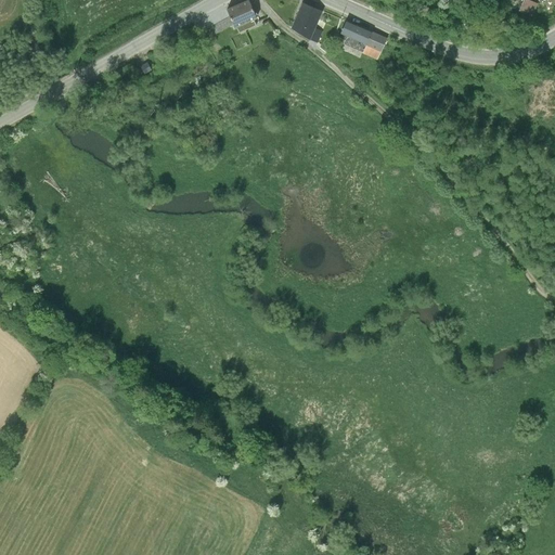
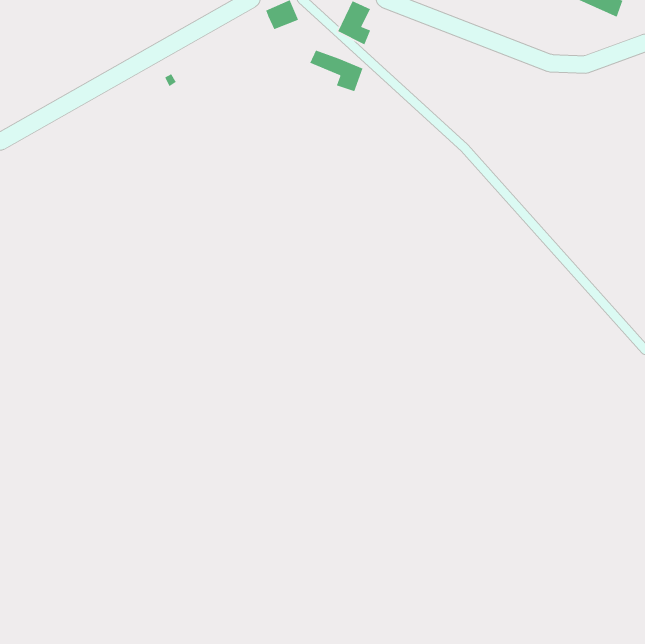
building: [339,21,386,57] -> [309,49,364,92]

